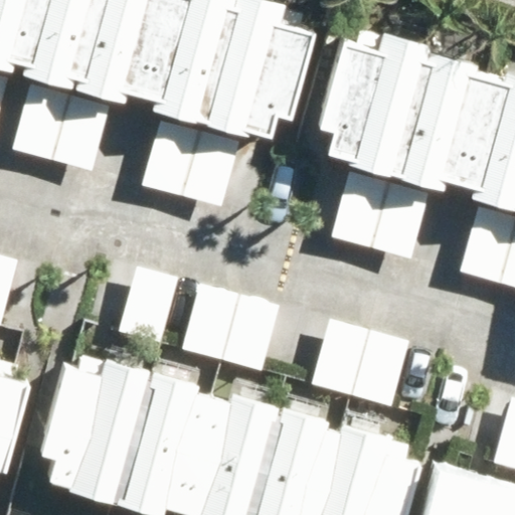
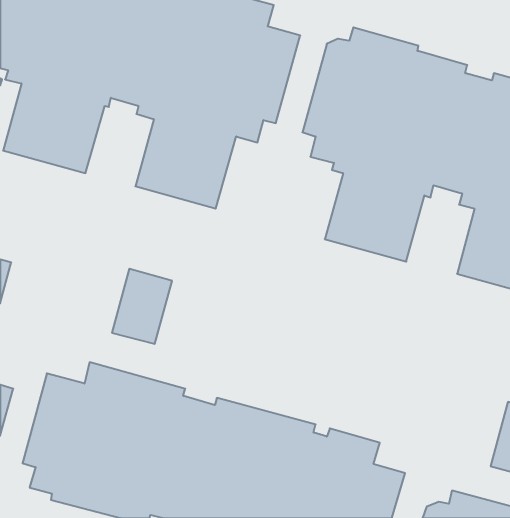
building: [182,282,283,371] -> none
building: [313,318,411,406] -> none

